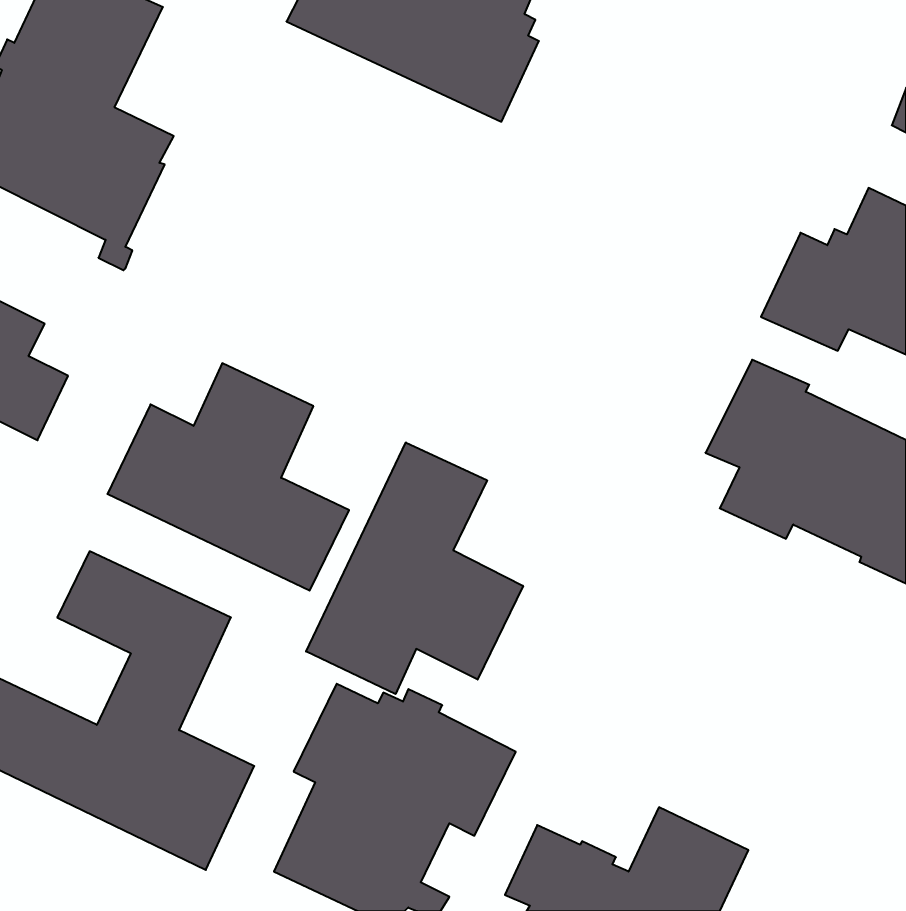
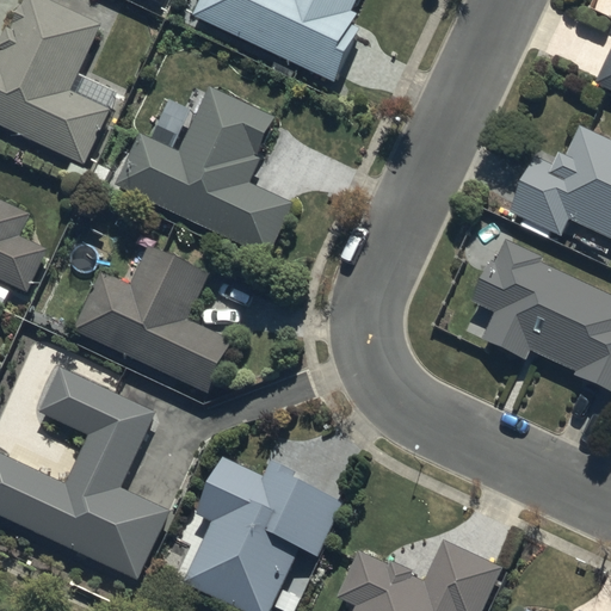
building: none -> [116,86,294,257]
building: [306,442,523,694] -> none

